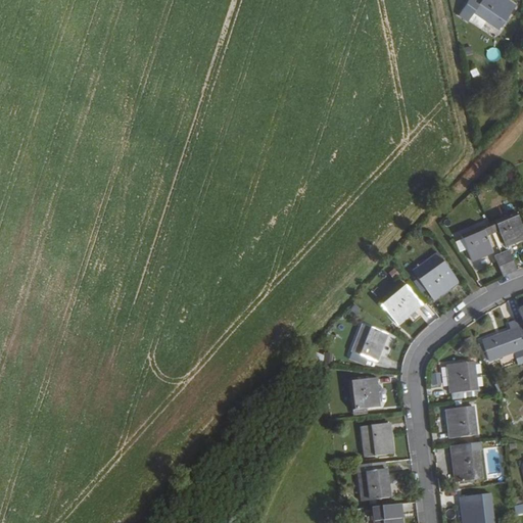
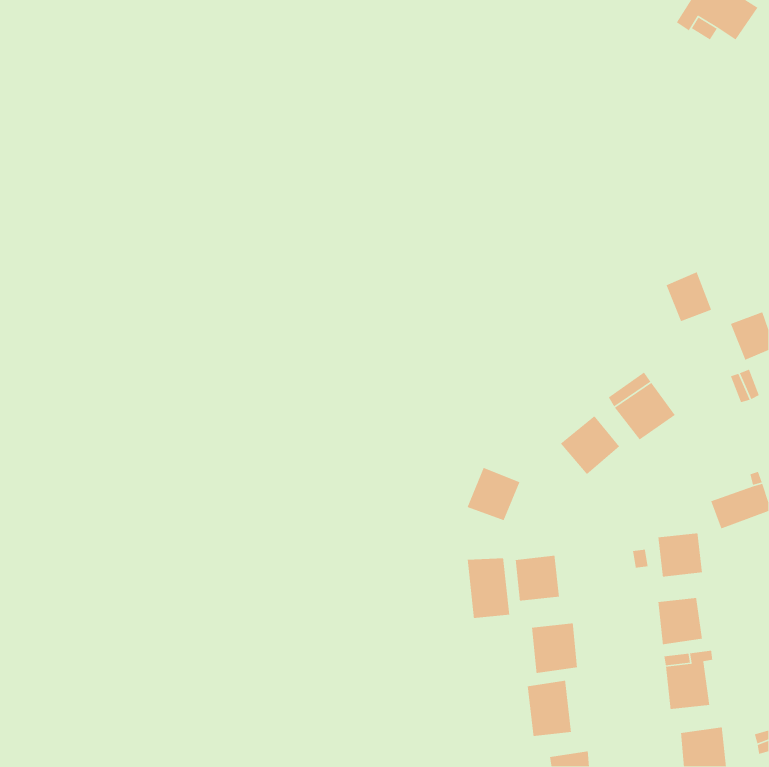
building: [462,225,493,259] -> [665,271,712,322]
building: [352,325,389,362] -> [466,467,521,521]
building: none -> [467,557,510,619]

